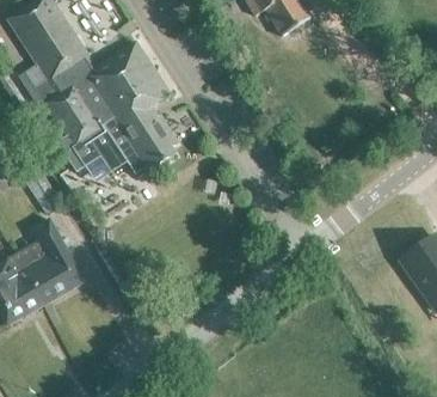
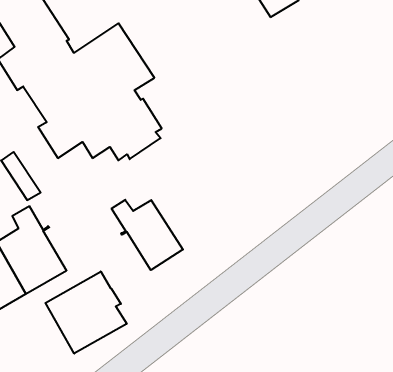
building: none -> [112,200,183,270]
building: none -> [45,271,127,354]

